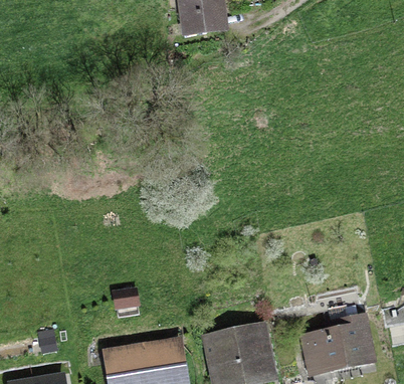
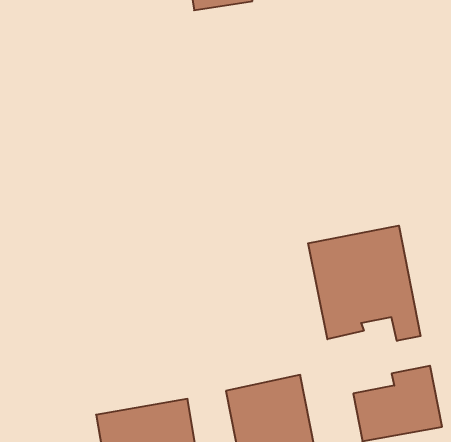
building: none -> [308,226,421,341]

